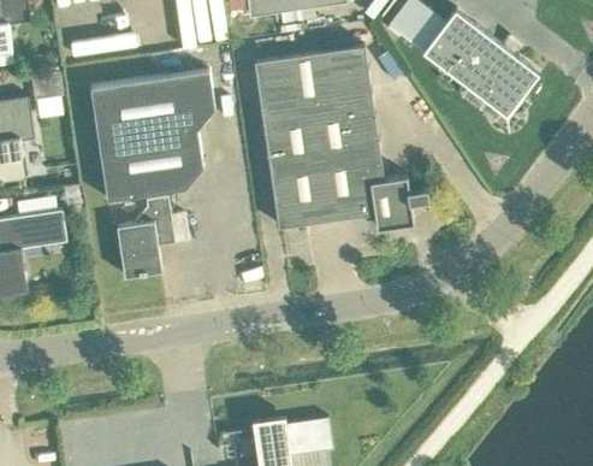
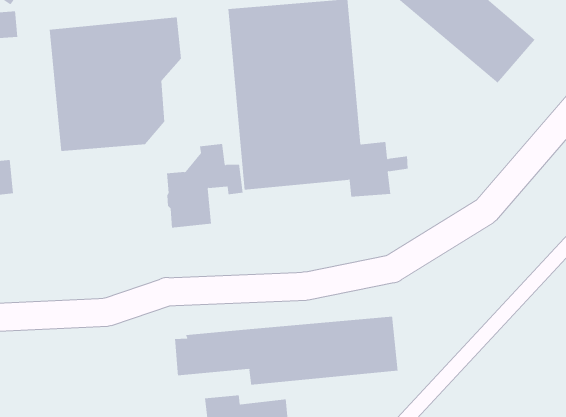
building: [117,196,189,277] -> [166,144,244,228]
building: none -> [174,316,398,386]

